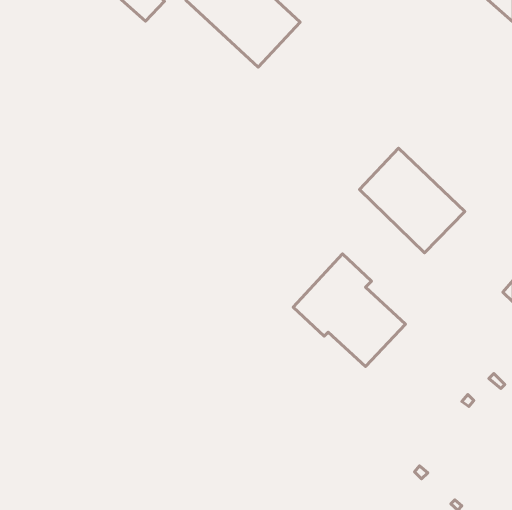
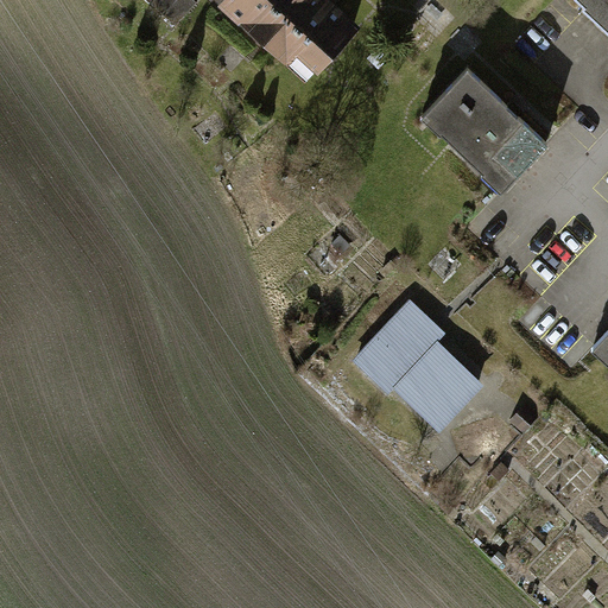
building: [359,148,465,253] -> [424,66,549,190]

